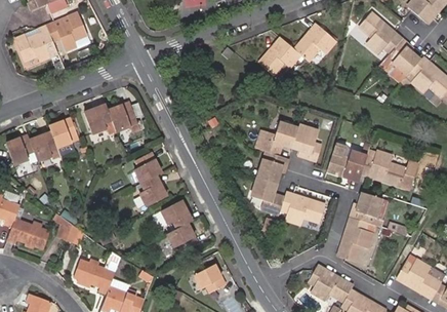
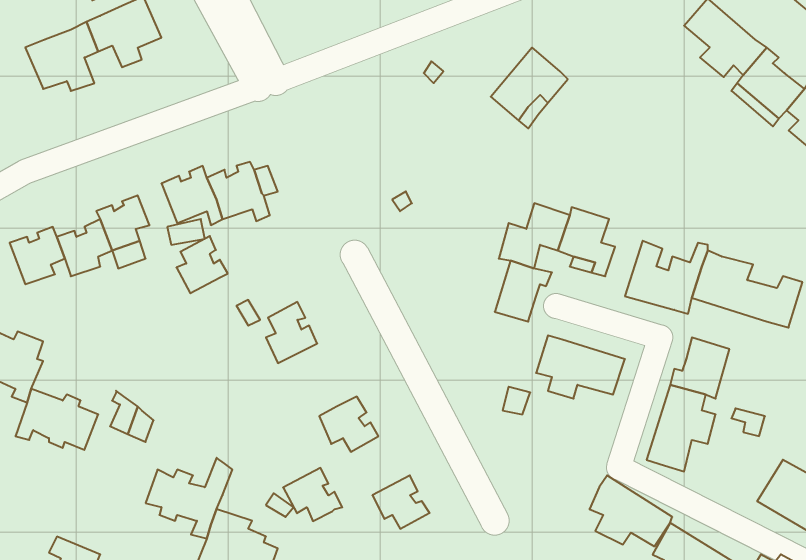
building: [293,27,333,63] -> none
building: [134,151,161,181] -> [176,236,228,293]
building: [253,178,285,213] -> none
building: [162,199,193,227] -> [283,468,342,521]

